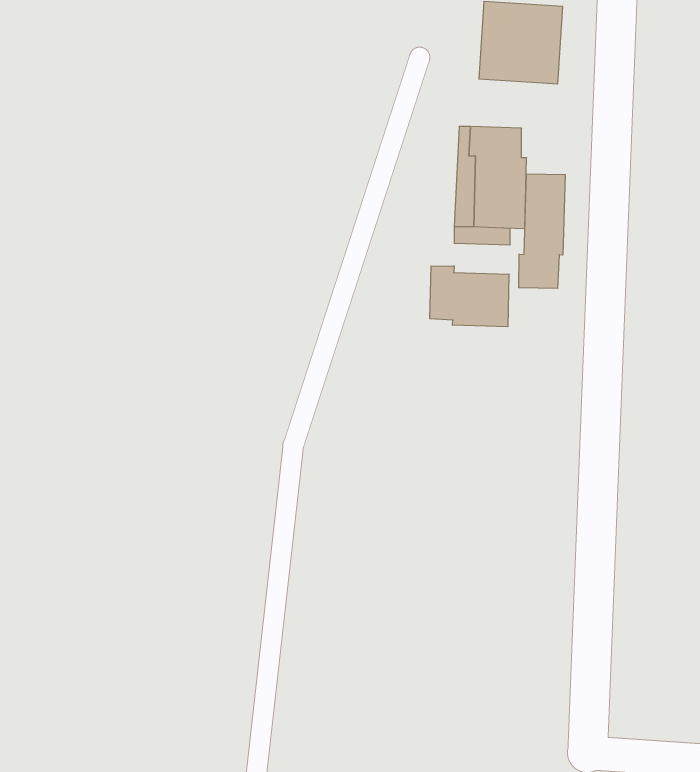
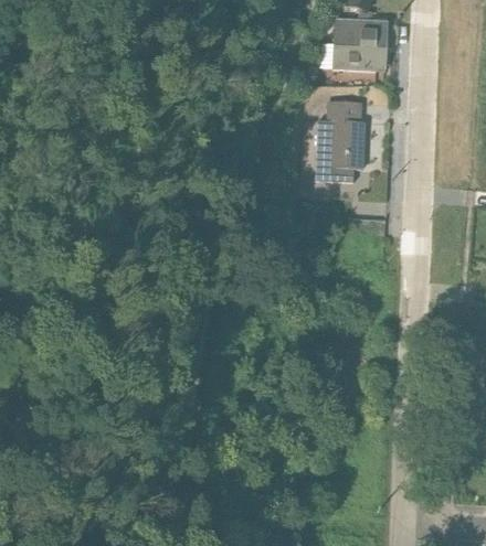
building: [519,174,565,288] -> none
building: [430,266,509,327] -> none

